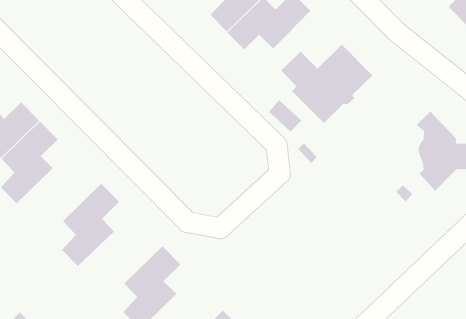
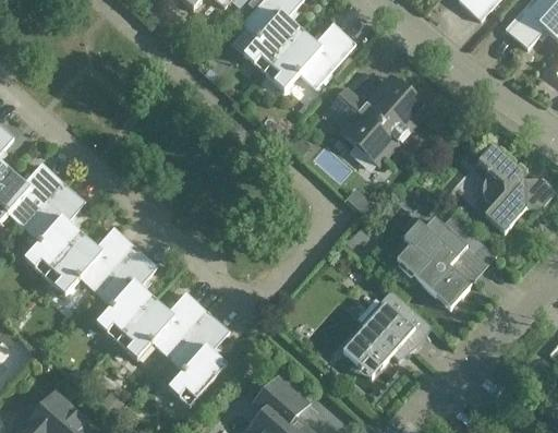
building: none -> [44,227,135,294]
building: none -> [396,217,482,309]
building: none -> [116,291,207,359]
building: none -> [342,289,430,376]

